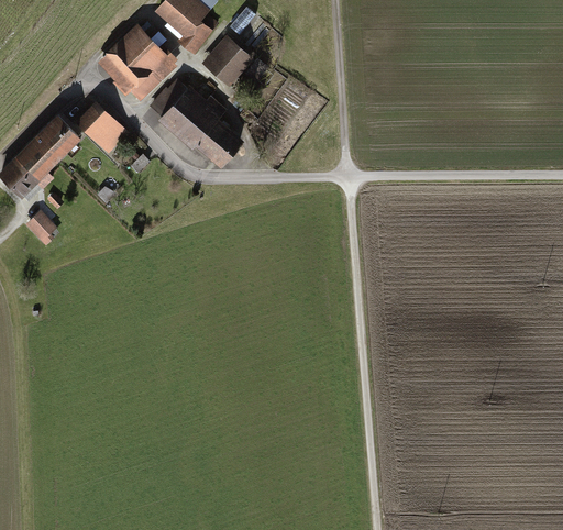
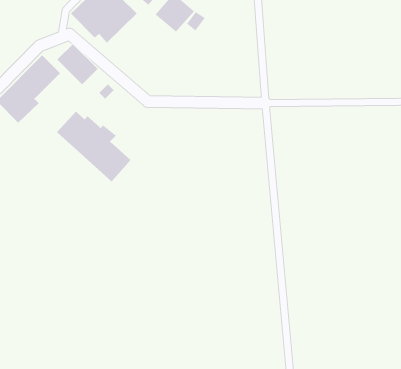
building: [148,79,245,172] -> [56,111,131,182]
building: [24,211,59,246] -> none

